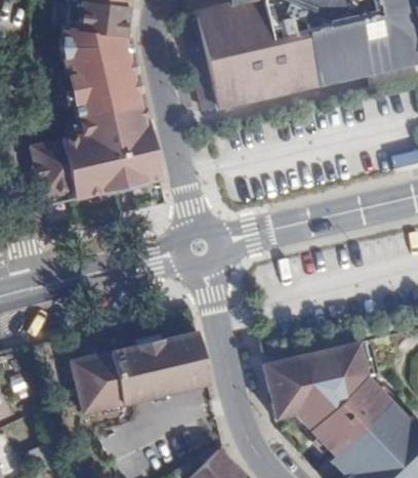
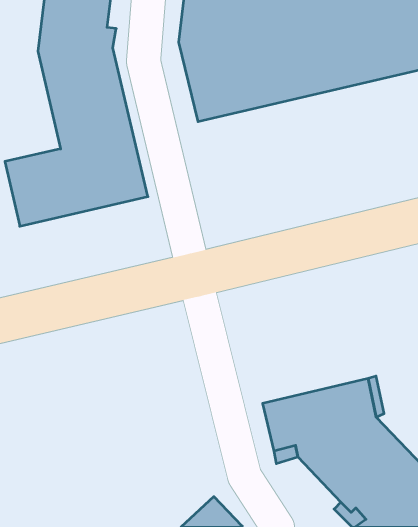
building: [75,331,211,413] -> none

